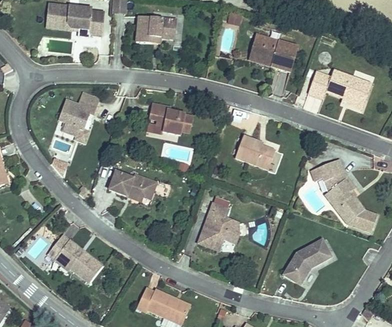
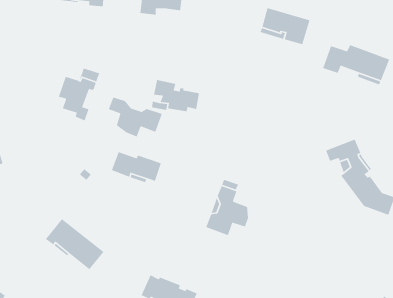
building: none -> [108,96,163,137]
building: [235,136,275,169] -> none
building: [284,239,331,284] -> none

